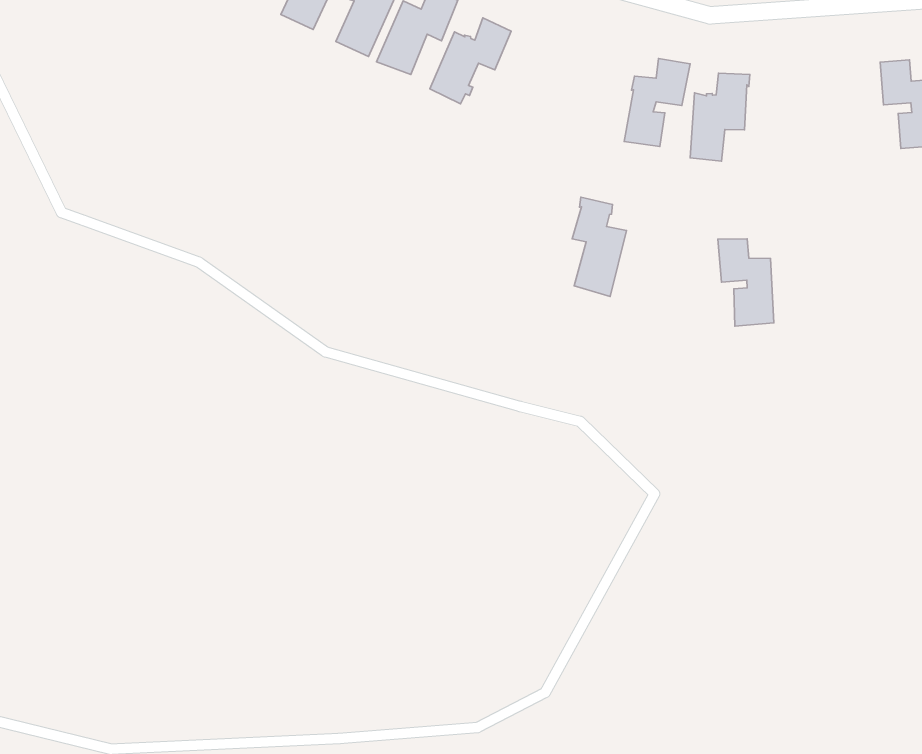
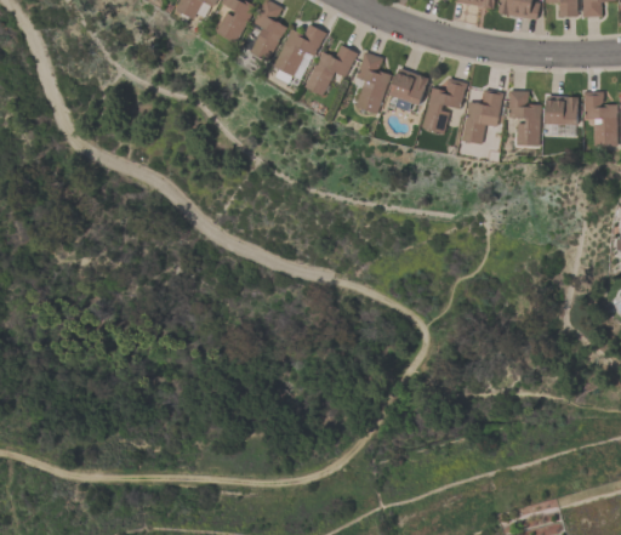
building: none -> [391,68,428,110]
building: none -> [546,96,577,125]
building: [572,197,626,297] -> [355,51,391,114]
building: [718,239,774,326] -> [509,91,541,146]

